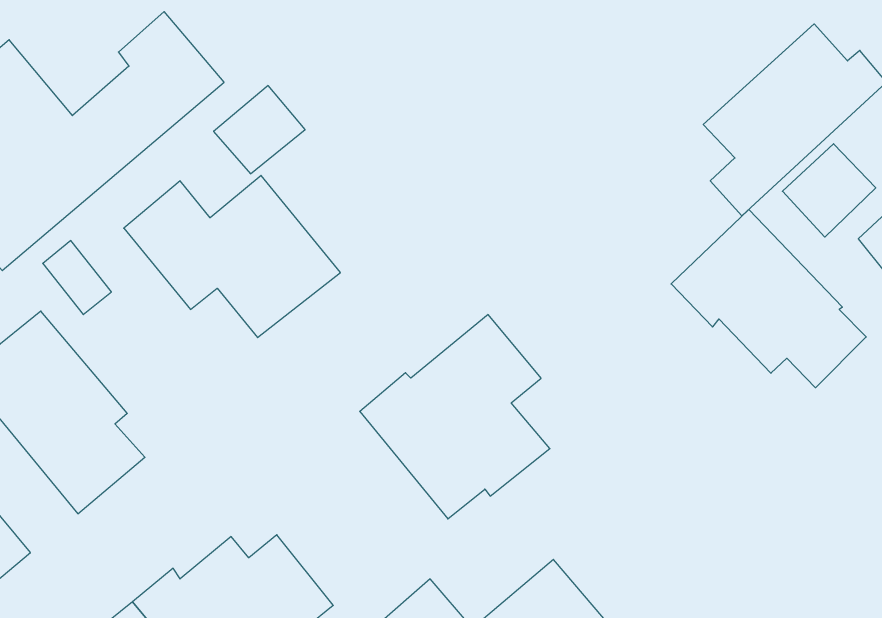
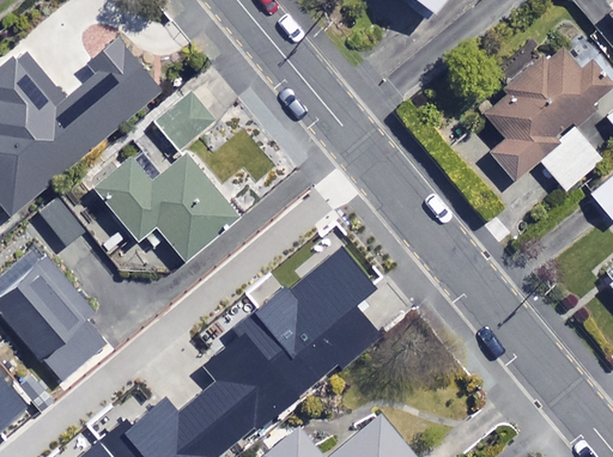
building: [671,210,866,388] -> none
building: none -> [195,311,311,443]

